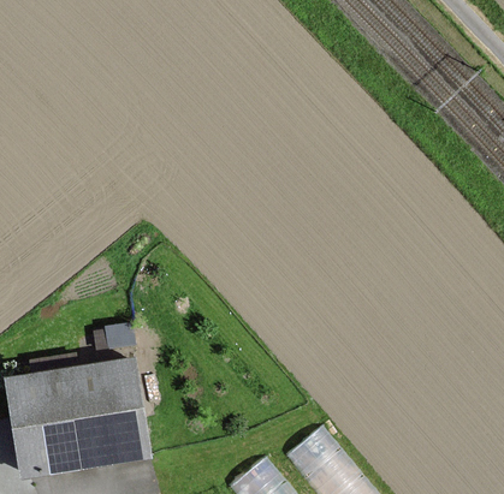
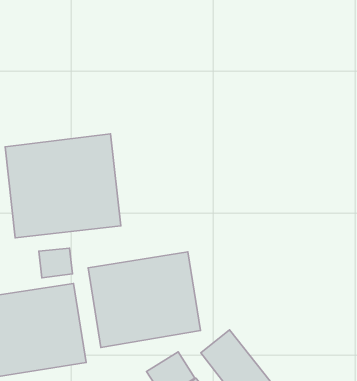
building: none -> [5,134,121,238]
building: none -> [88,252,200,347]

